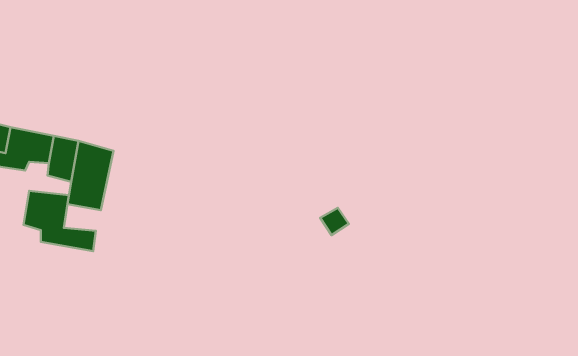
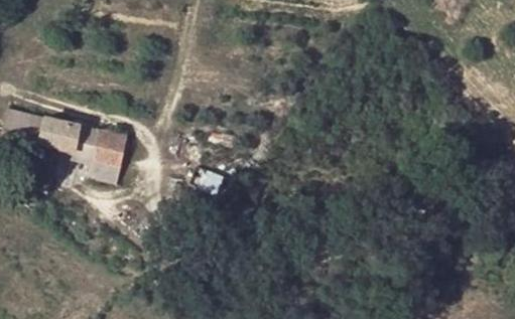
building: [24,191,96,251] -> none

